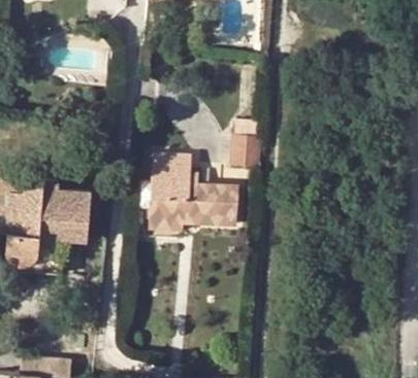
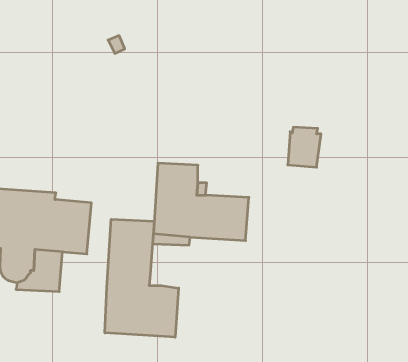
building: [230,131,261,168] -> [288,127,321,167]
building: none -> [105,219,179,337]

